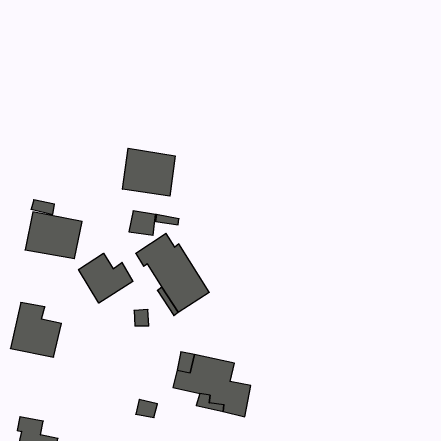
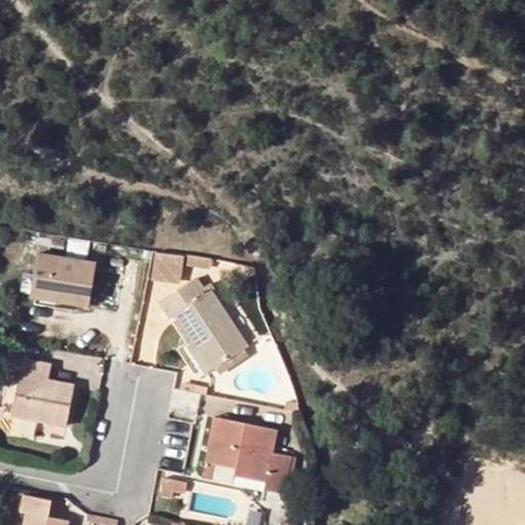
building: [123,148,175,196] -> none
building: [79,253,133,303] -> none

